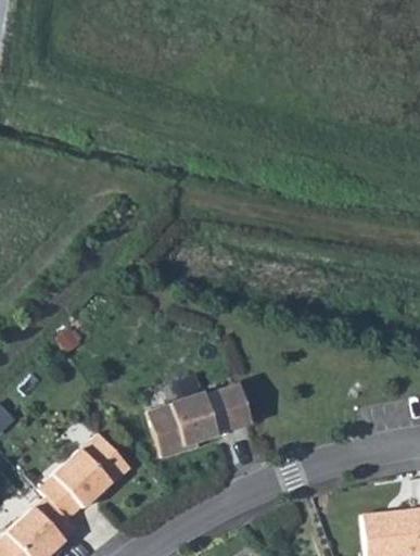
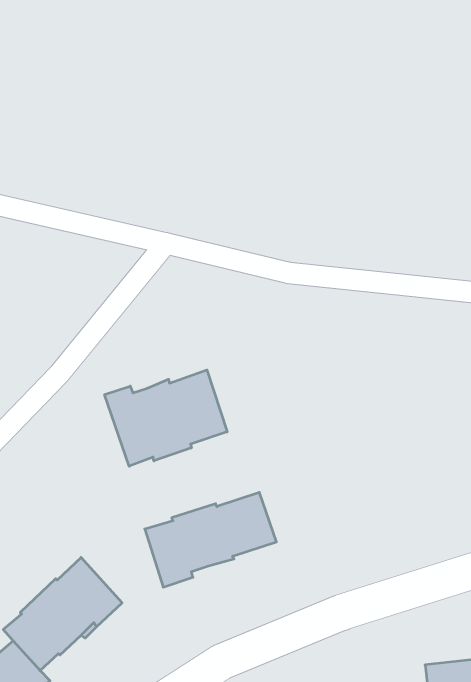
building: none -> [105,370,227,466]

